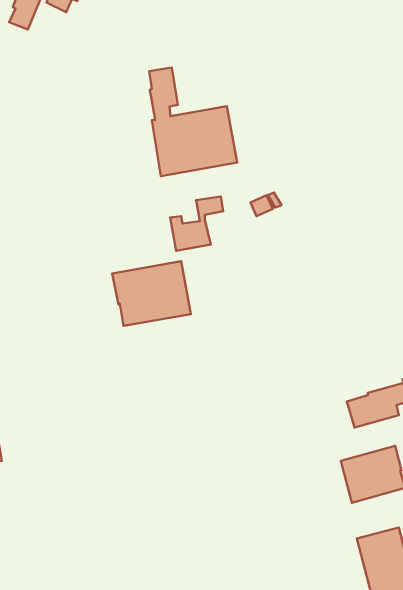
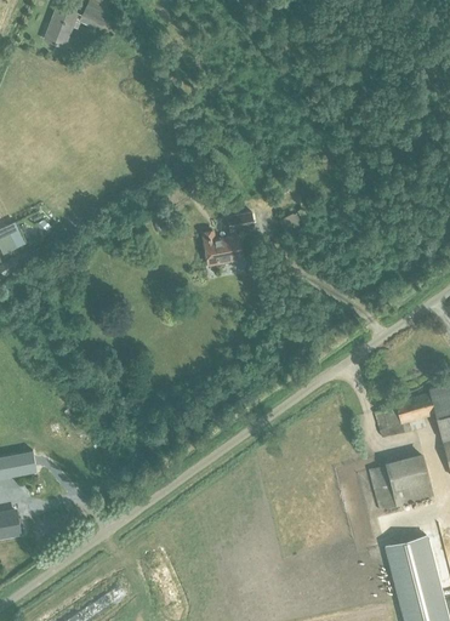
building: [149,68,237,176] -> none
building: [112,261,191,326] -> none

